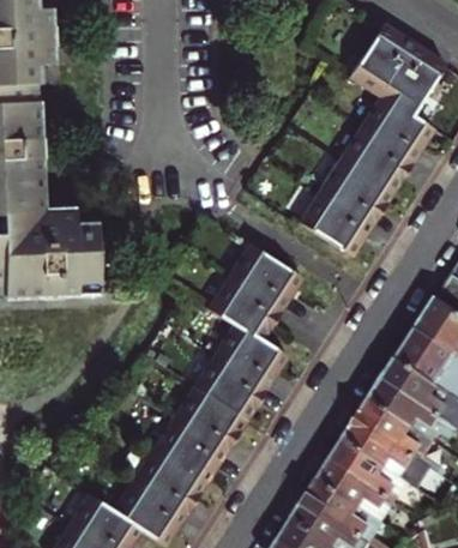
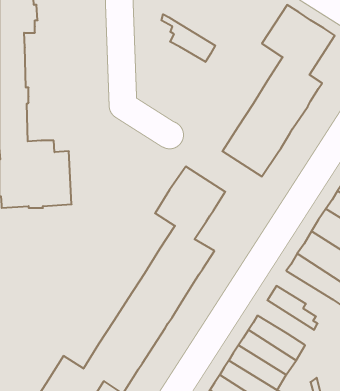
building: none -> [161,14,215,62]
building: [369,380,445,428] -> none
building: [344,420,420,468] -> none

